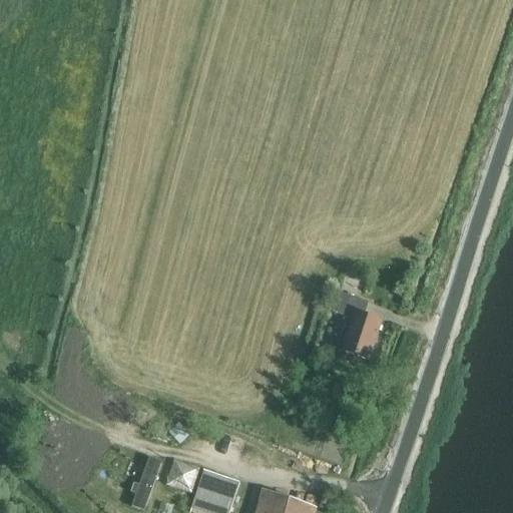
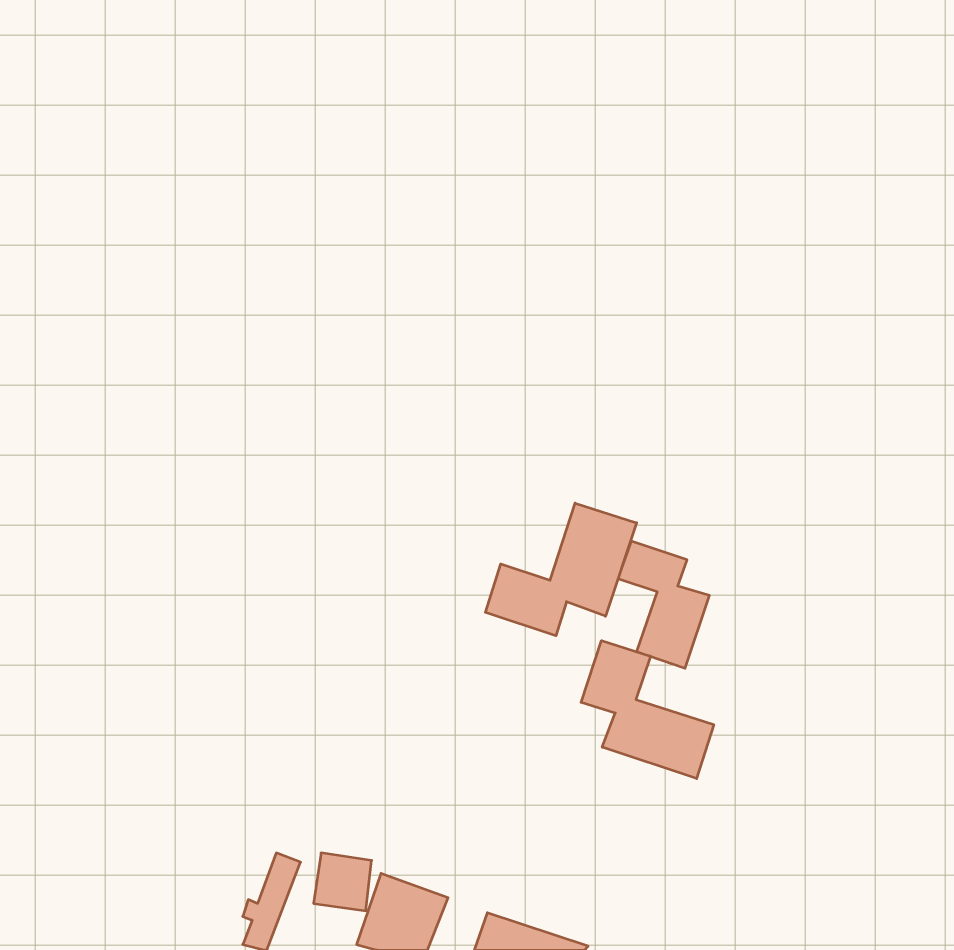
building: none -> [485,503,637,636]
building: none -> [581,641,714,779]

